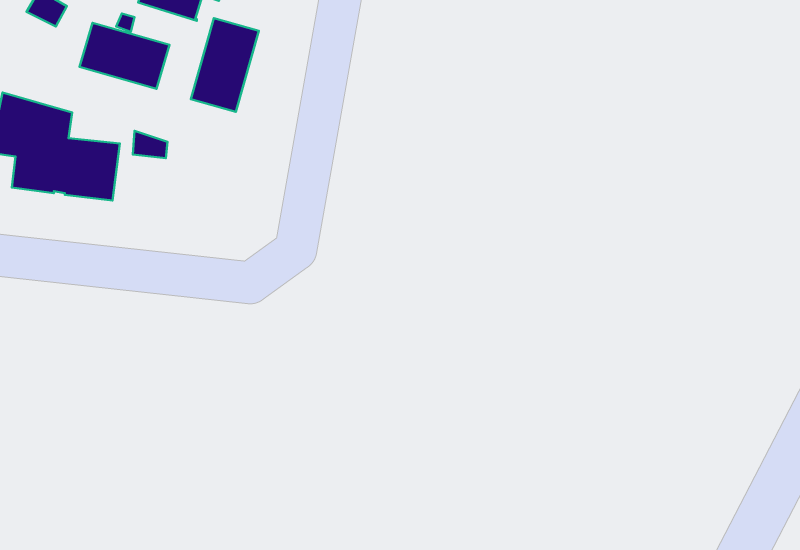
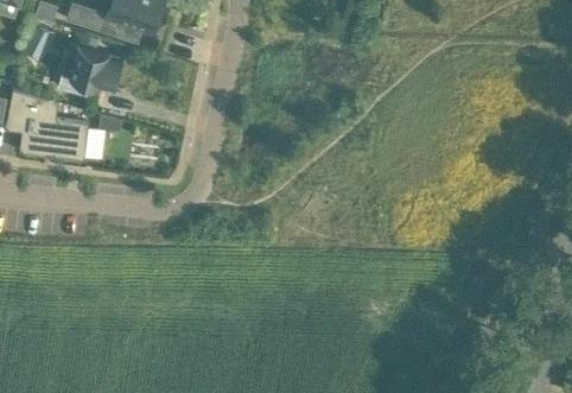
building: [191,18,259,112] -> none

